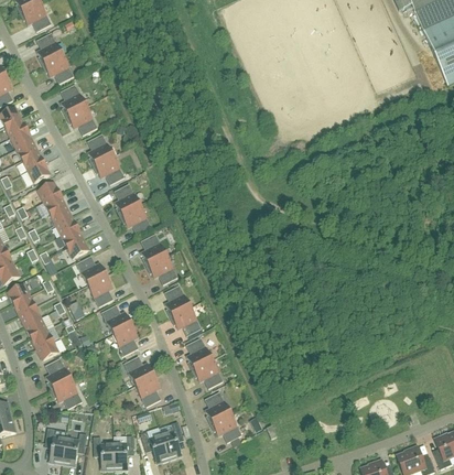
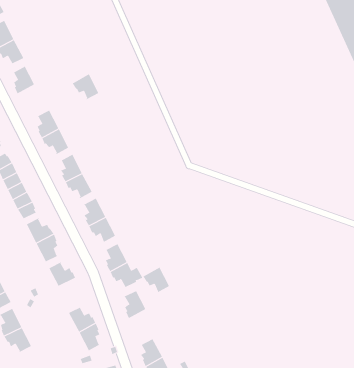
building: [66,106,97,136] -> [72,74,99,100]
building: [112,324,139,356] -> none
building: [192,359,223,389] -> [142,267,170,293]

